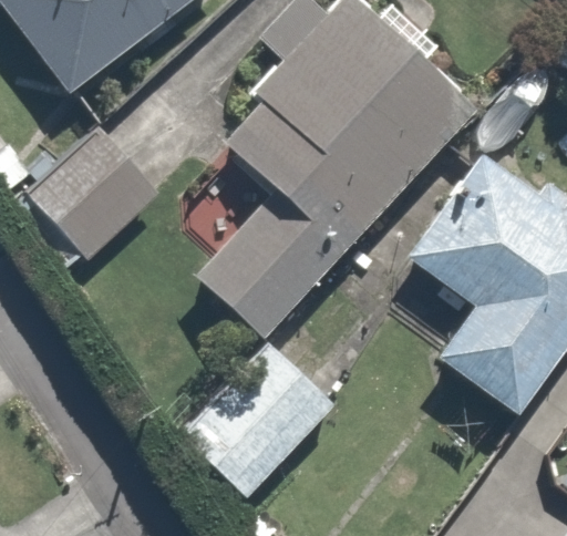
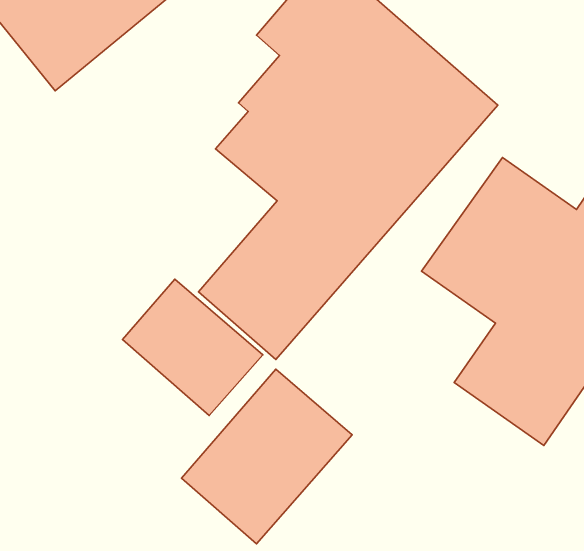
building: [27,131,161,266] -> none
building: none -> [122,279,263,415]

